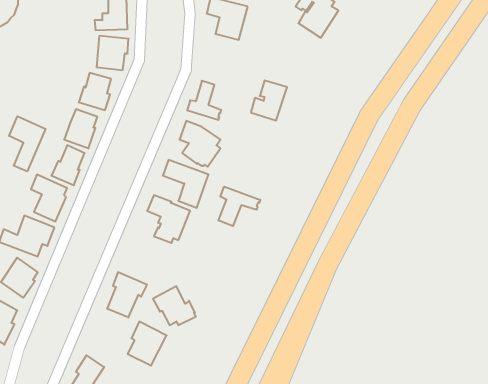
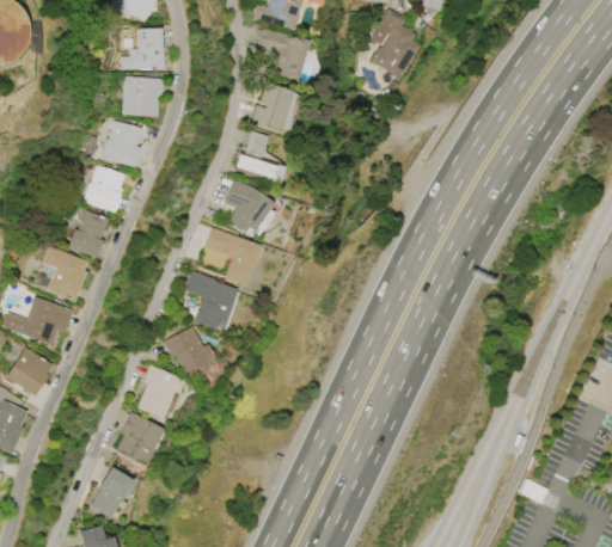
building: [251,80,287,120] -> [250,82,294,131]
building: [9,116,46,171] -> none
building: [218,187,260,226] -> none
building: [153,286,196,325] -> [164,325,216,373]
building: [128,322,167,366] -> [116,411,164,465]

